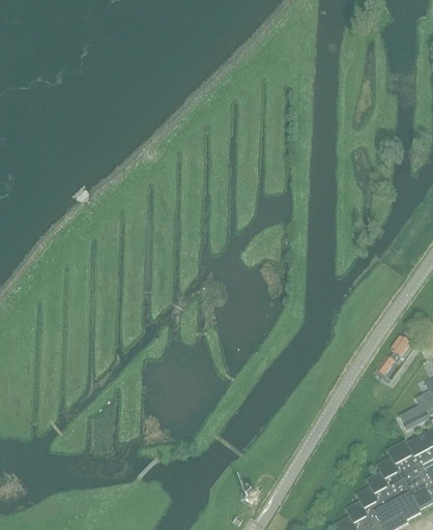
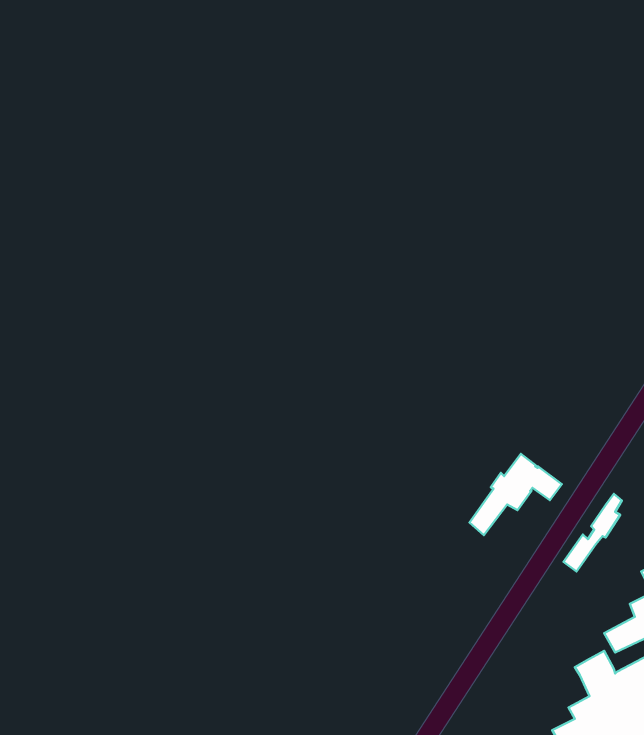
building: none -> [469,454,562,535]

